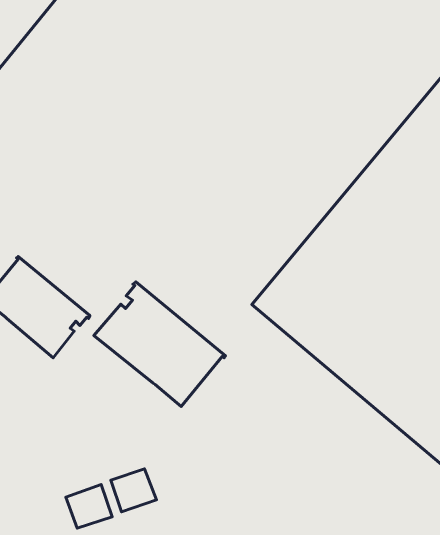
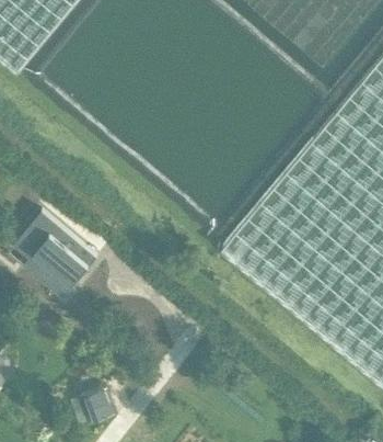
building: [94,282,226,406] -> none
building: [111,469,156,512] -> none

